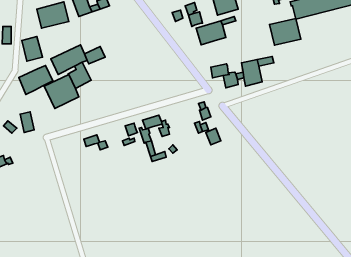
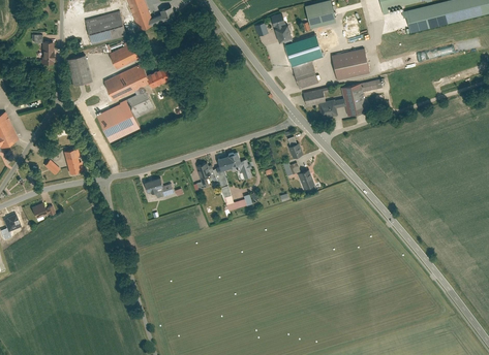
building: [269,19,301,45] -> [331,47,370,80]
building: none -> [108,43,137,70]
building: none -> [291,59,318,88]
building: [19,65,53,94] -> none

